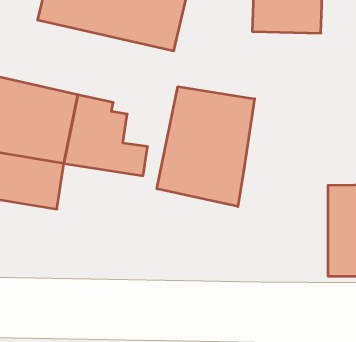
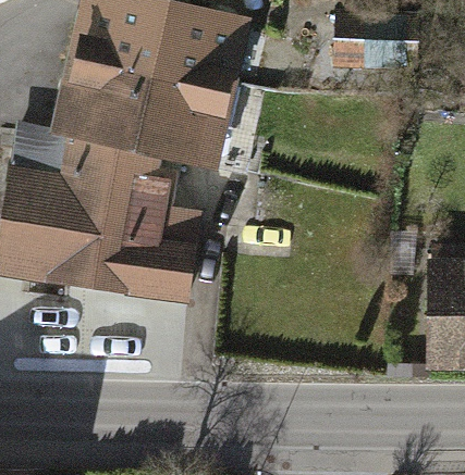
building: none -> [51,53,237,168]
building: [157,87,255,207] -> none
building: none -> [93,230,199,303]

